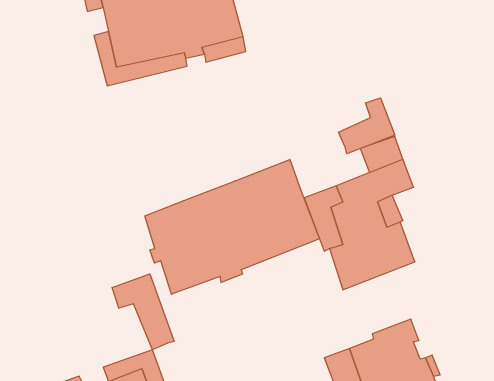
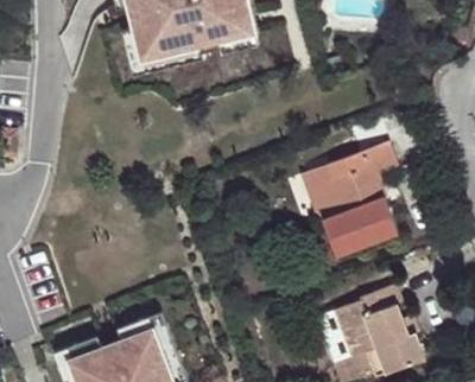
building: [338,98,395,154] -> none
building: [145,159,320,294] -> none
building: [112,274,174,350] -> none

